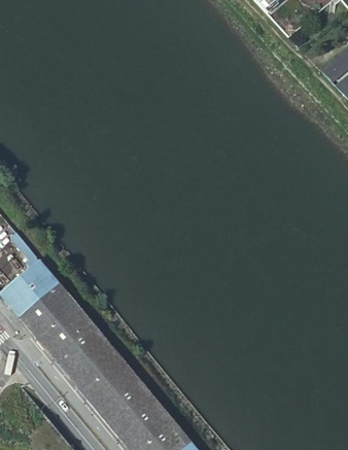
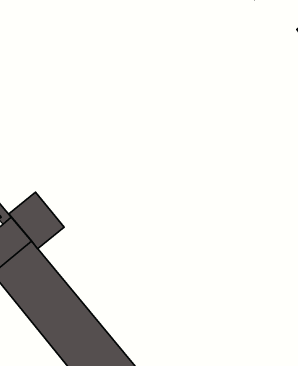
building: none -> [9,192,64,249]

